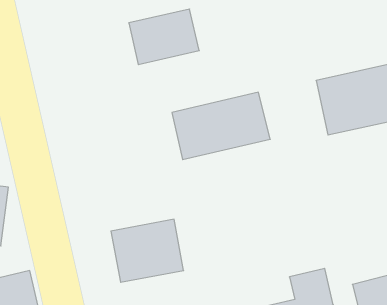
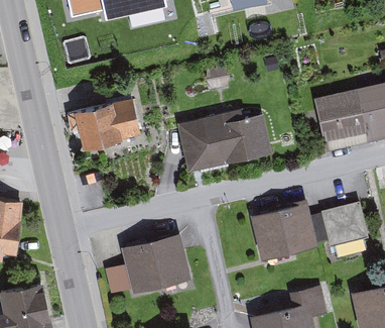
building: [129,9,199,65] -> [76,98,142,150]
building: none -> [251,202,319,264]
building: none -> [318,202,373,257]

